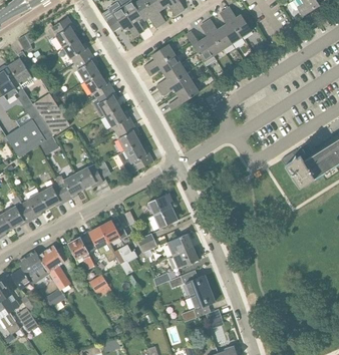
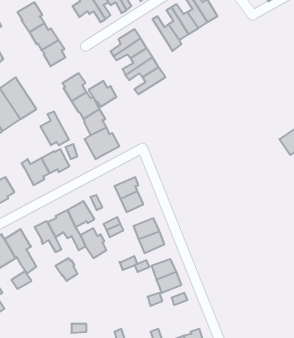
building: [83,72,111,98] -> [89,81,117,107]
building: none -> [41,111,69,145]
building: [38,184,66,208] -> none

